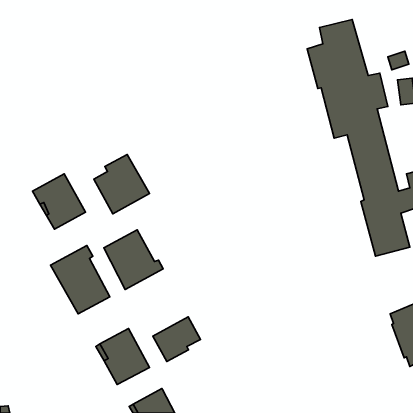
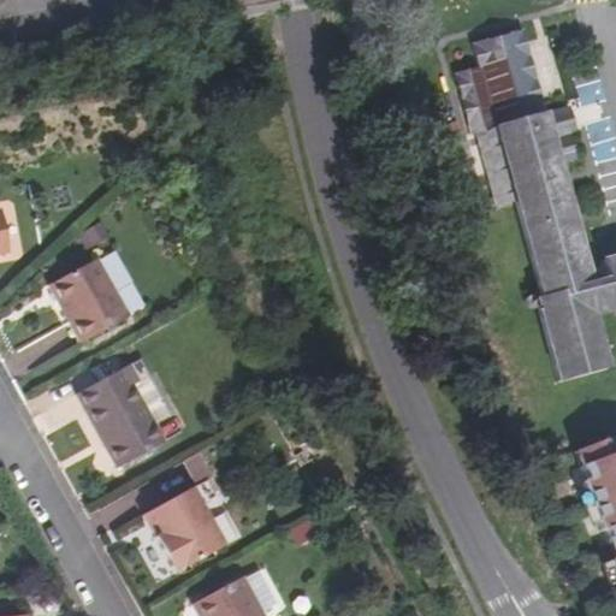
building: [94,154,149,214] -> none
building: [104,230,163,290] -> none
building: [153,317,200,361] -> none

